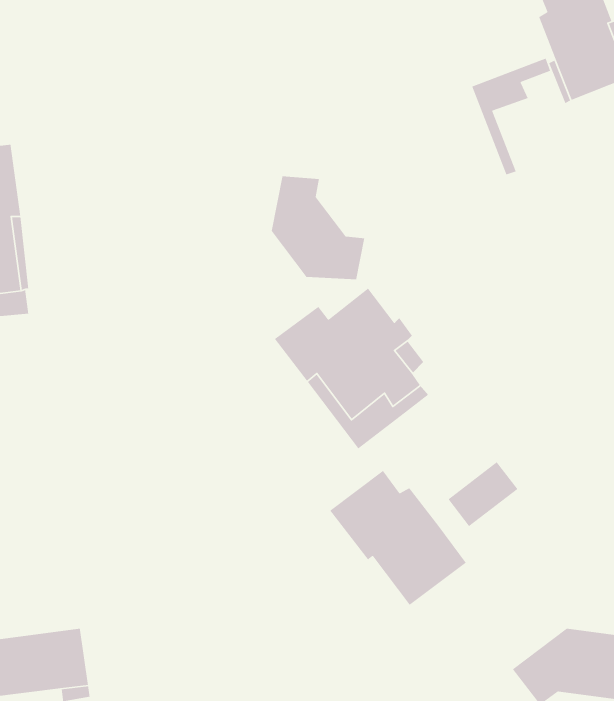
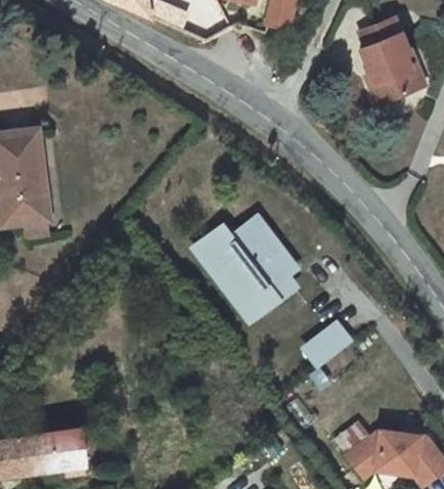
building: [471,57,551,175] -> none
building: [271,176,365,280] -> none
building: [329,470,467,606] -> none

